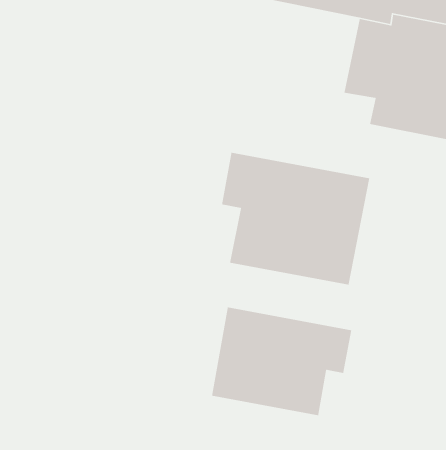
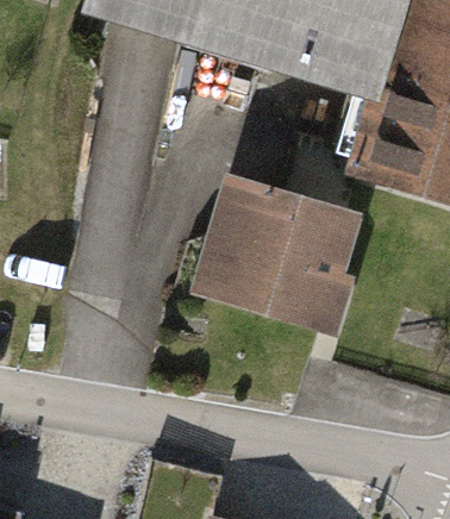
building: [211,306,352,416] -> none

